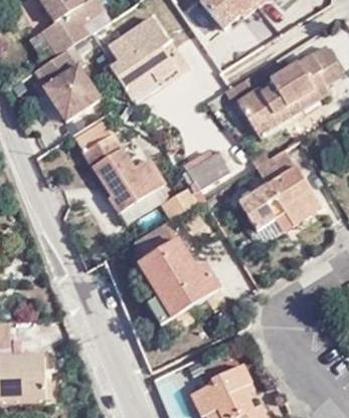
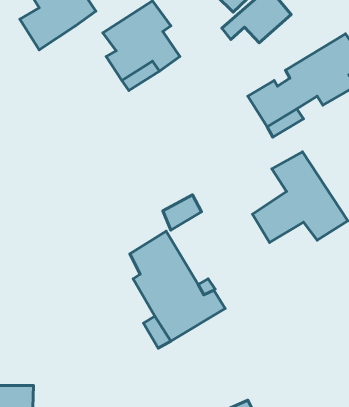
building: [29,54,94,125] -> none
building: [70,119,157,210] -> none
building: [186,149,229,192] -> none

